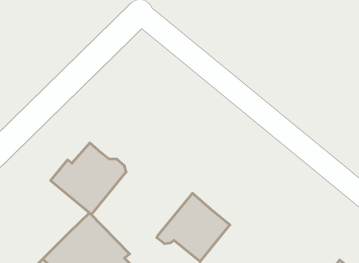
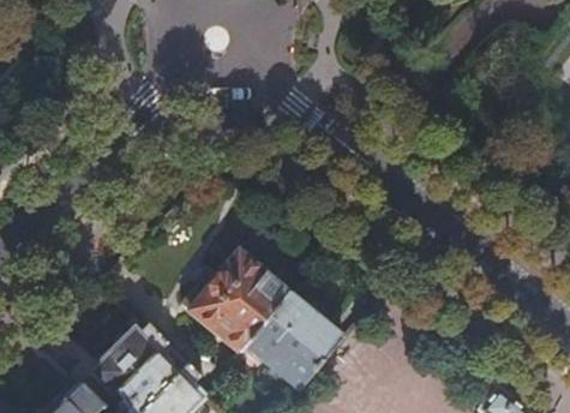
building: [51,143,126,214] -> [182,252,289,353]

